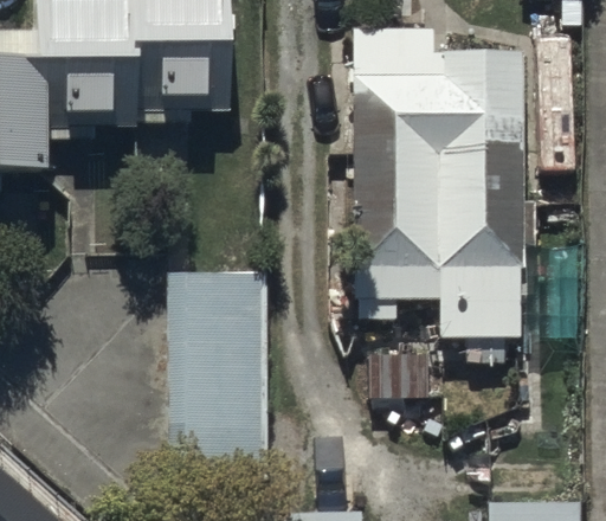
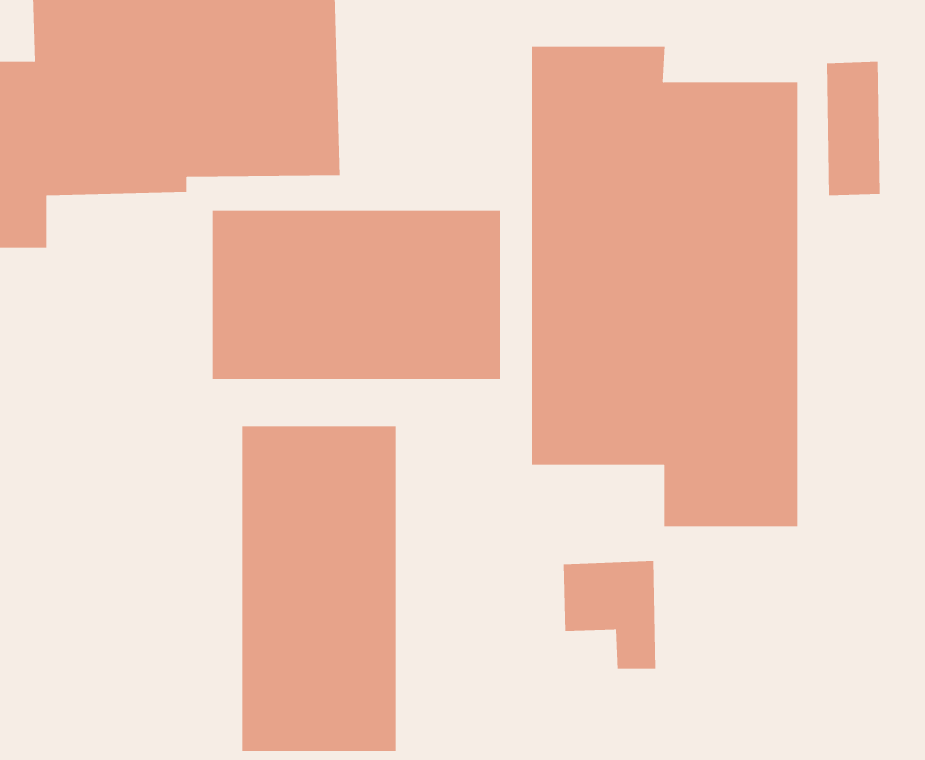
building: none -> [212,210,501,380]

